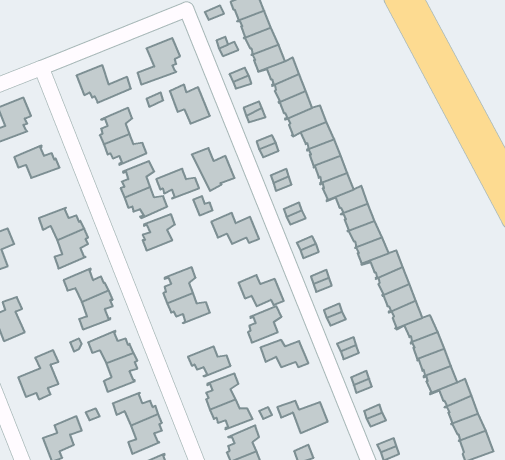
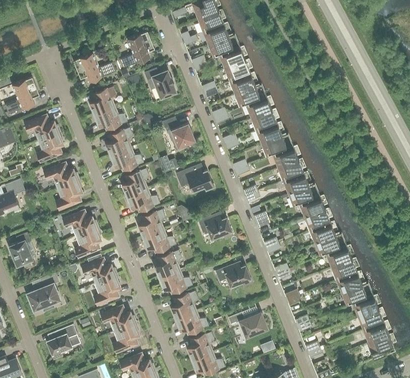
building: none -> [36,132,63,162]
building: [156,169,199,199] -> [127,188,160,211]
building: [248,306,282,343] -> [156,250,182,278]

